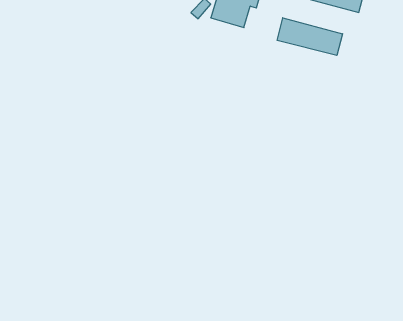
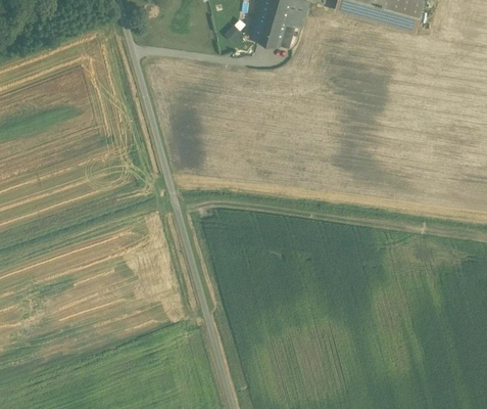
building: [277,18,343,55] -> none

